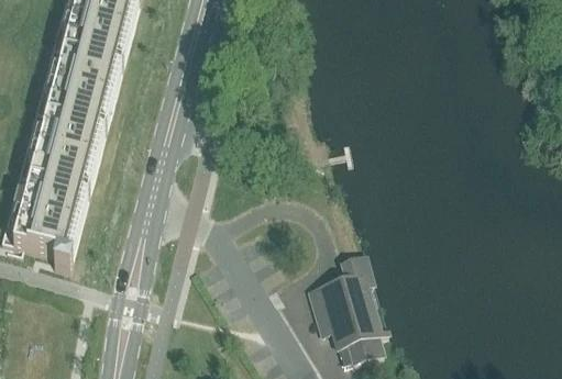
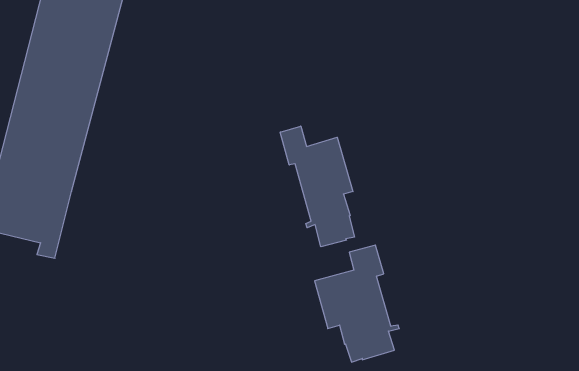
building: none -> [280,126,354,247]

